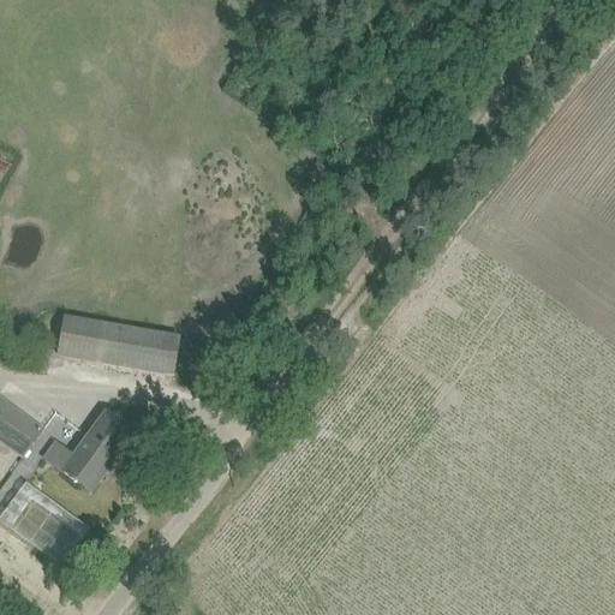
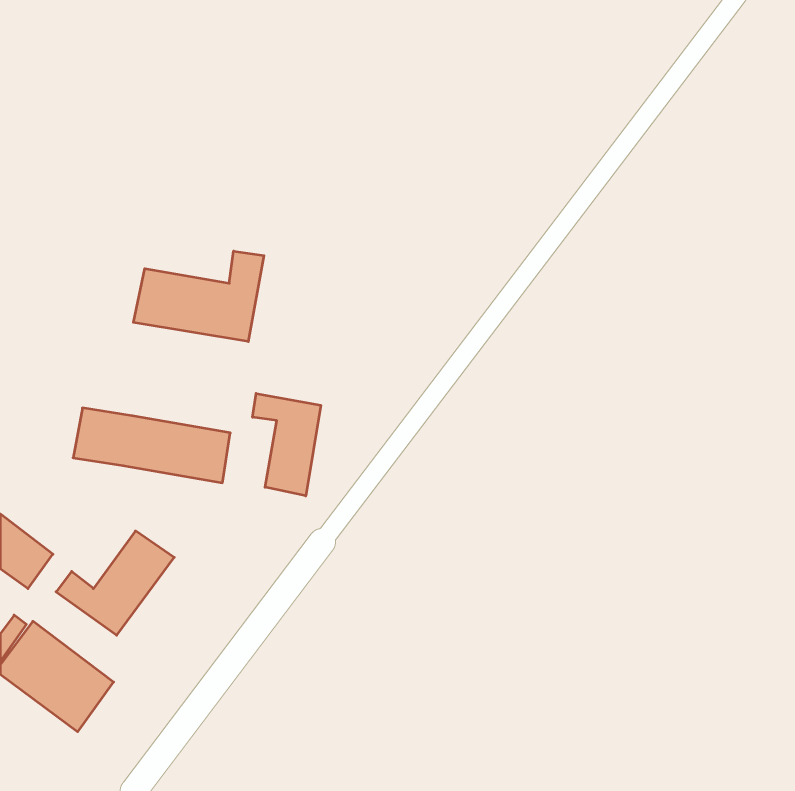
building: none -> [133,251,264,342]
building: none -> [253,393,321,496]

